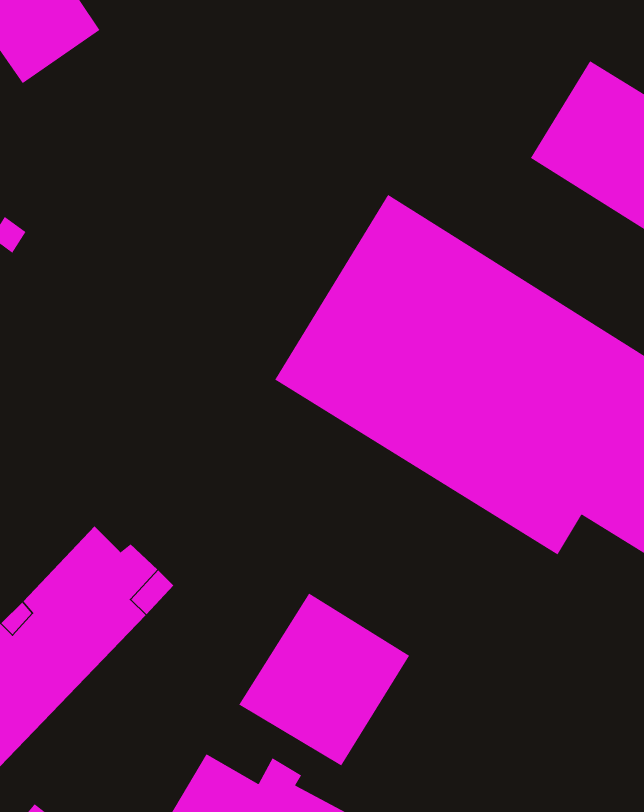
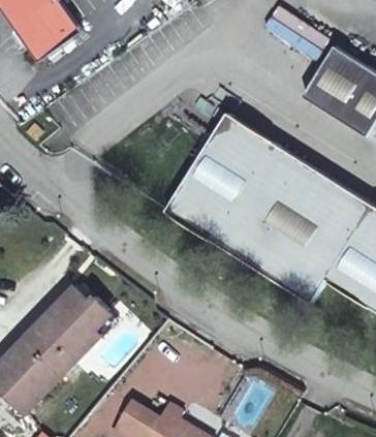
building: [238,593,410,766] -> none

